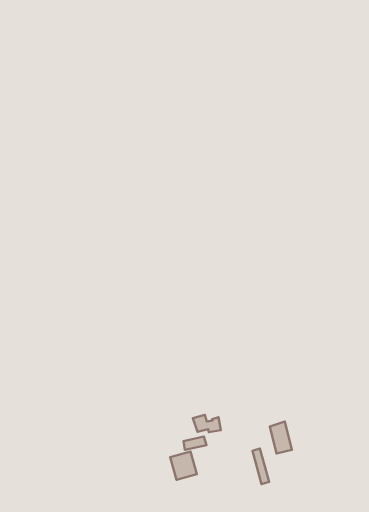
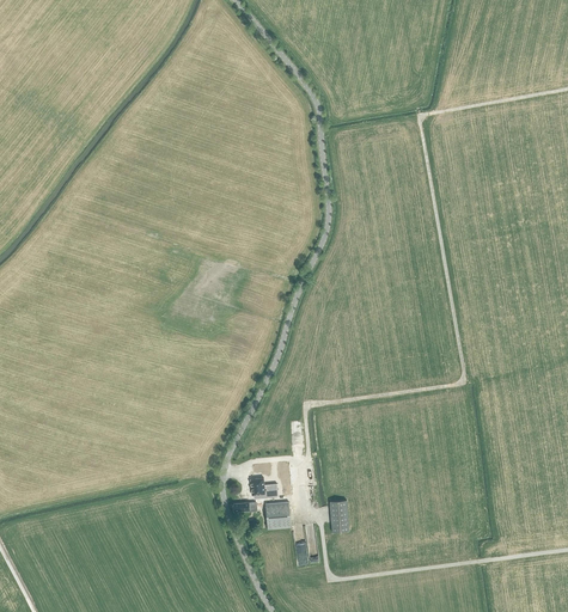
building: [170,451,197,480] -> [264,501,289,528]

